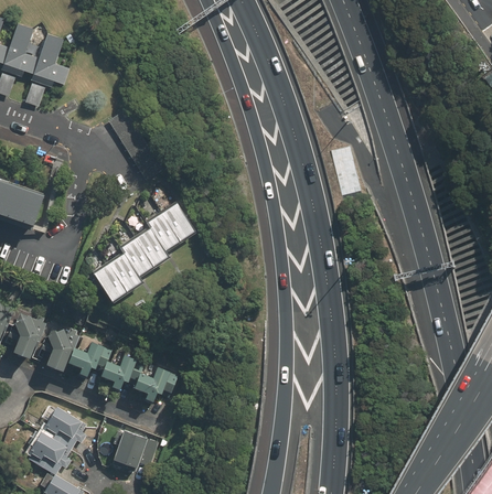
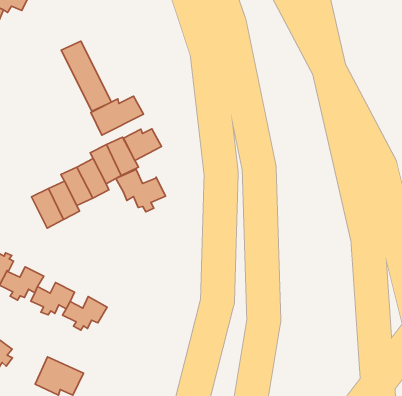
building: none -> [91,96,143,135]
building: none -> [124,129,161,160]
building: none -> [116,170,165,212]

